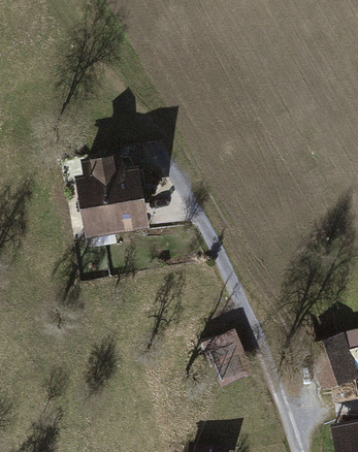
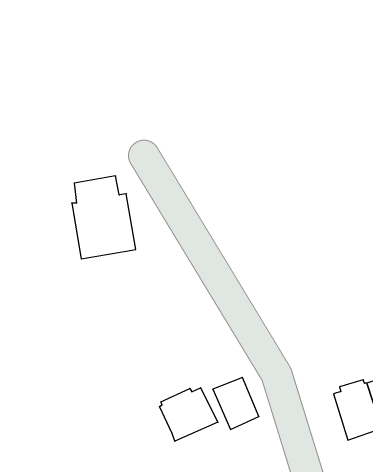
building: none -> [160,388,218,441]

